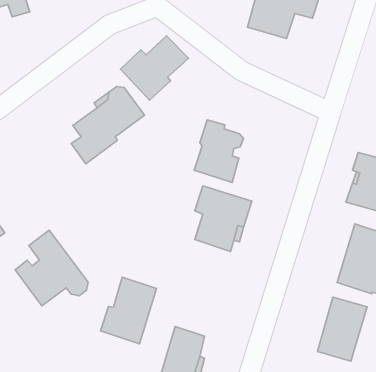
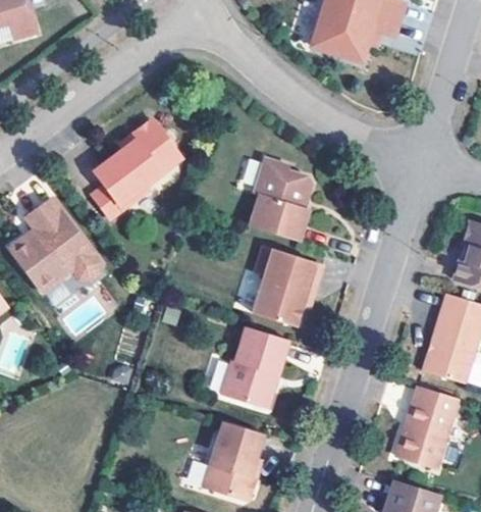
building: [121,36,189,100] -> none
building: [15,230,88,306] -> [10,197,102,292]
building: [100,277,156,344] -> [216,327,286,411]

